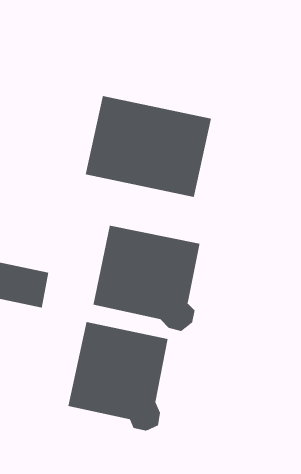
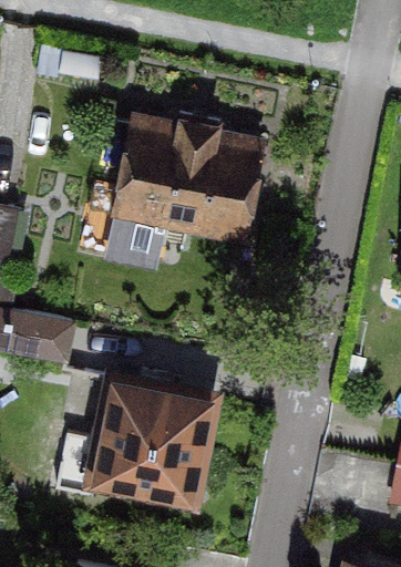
building: [93,225,200,332] -> none

